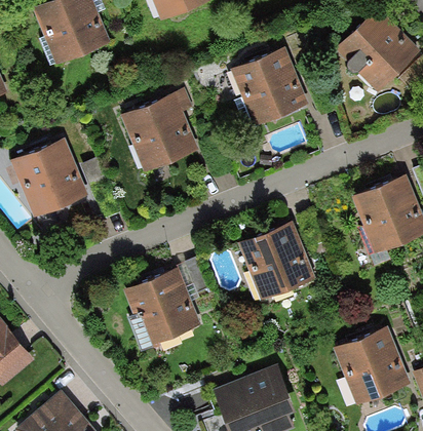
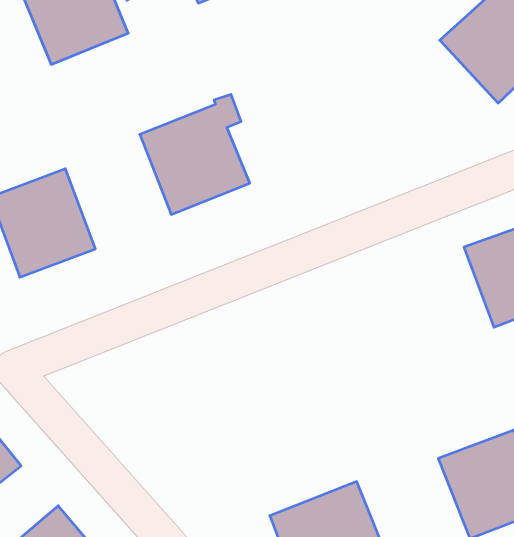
building: [231,47,308,127] -> none
building: [237,223,315,302] -> none
building: [122,268,201,348] -> none

